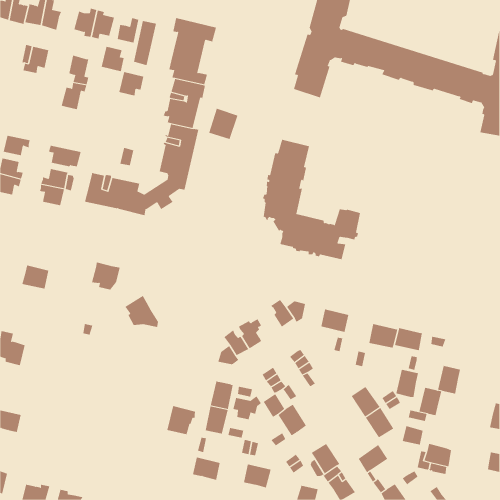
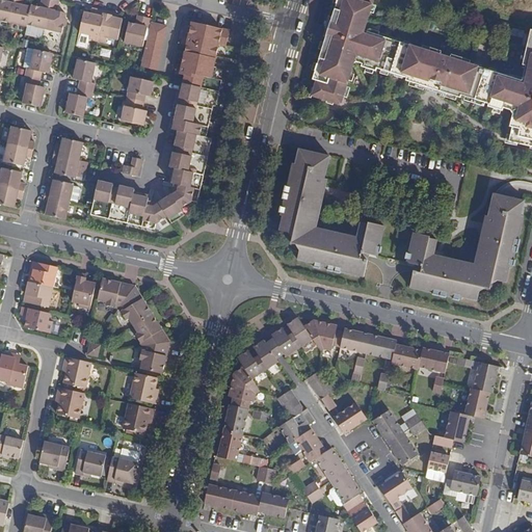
building: [101,46,124,72] -> [121,98,145,125]
building: none -> [22,75,44,106]
building: [208,108,238,140] -> none
building: none -> [7,126,34,149]
building: none -> [53,137,82,159]
building: none -> [404,195,522,299]
building: none -> [28,261,56,287]
building: none -> [71,272,95,308]
building: none -> [117,284,152,325]
building: none -> [20,305,51,332]
building: none -> [314,322,343,350]
building: none -> [271,327,298,357]
building: none -> [366,334,396,358]
building: none -> [138,344,167,373]
building: none -> [63,356,90,388]
building: none -> [129,372,157,403]
building: none -> [56,387,83,418]
building: [395,369,419,398] -> [472,362,497,392]
building: none -> [332,402,366,433]
building: [232,395,262,420] -> [228,381,259,407]
building: [167,406,196,435] -> [122,402,153,433]
building: none -> [38,441,69,471]
building: none -> [315,447,346,480]
building: none -> [74,448,105,476]
building: none -> [106,448,139,483]
building: none -> [230,490,261,515]

